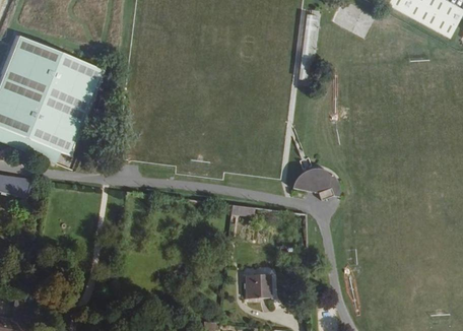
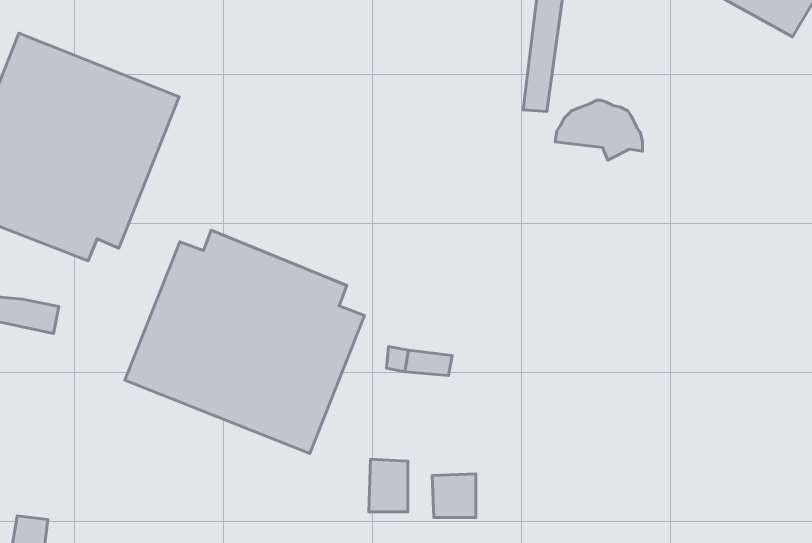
building: none -> [125,230,365,454]
building: [289,162,338,196] -> [555,100,642,160]
building: none -> [369,459,408,512]

